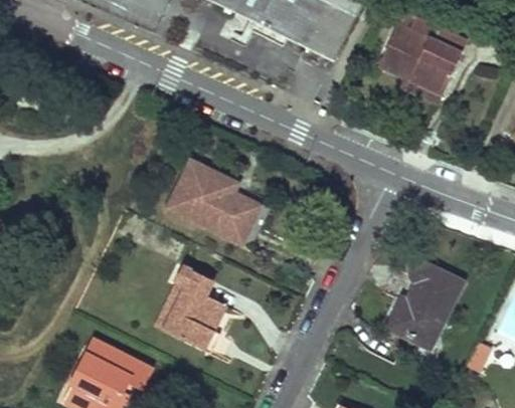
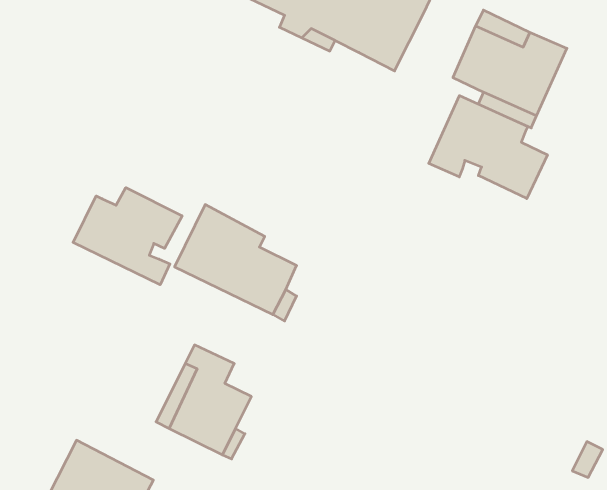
building: none -> [429,96,547,199]
building: none -> [73,188,182,285]
building: [388,263,462,348] -> none

